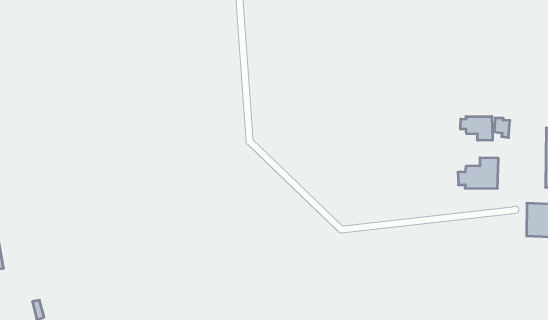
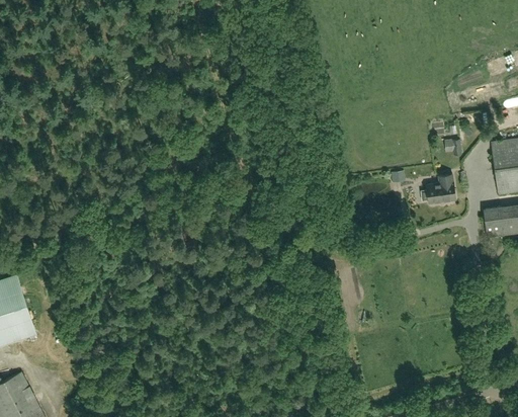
building: [460,116,492,140] -> none

